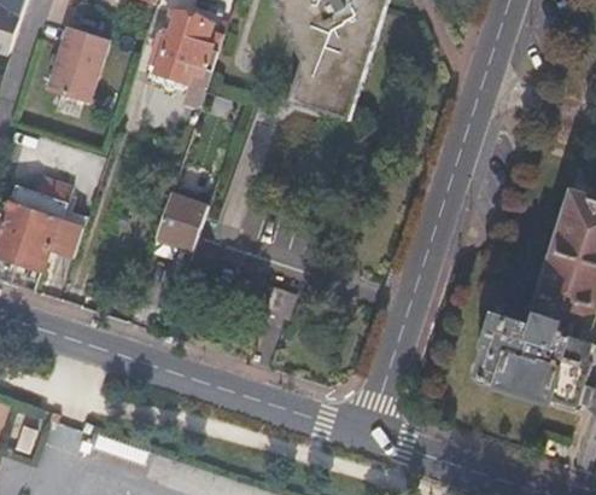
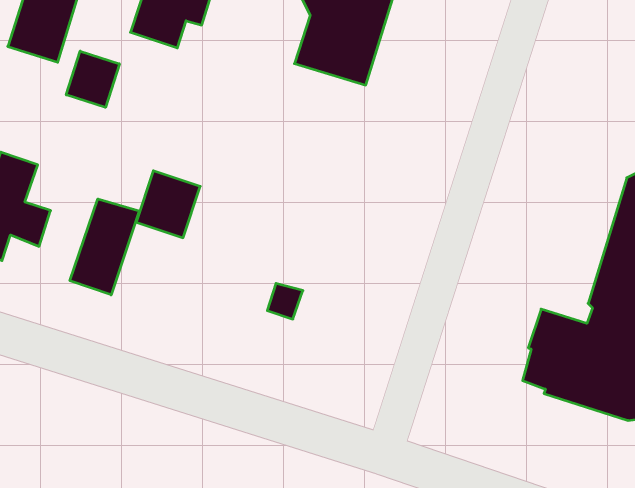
building: none -> [66,51,119,107]
building: none -> [70,199,139,295]

